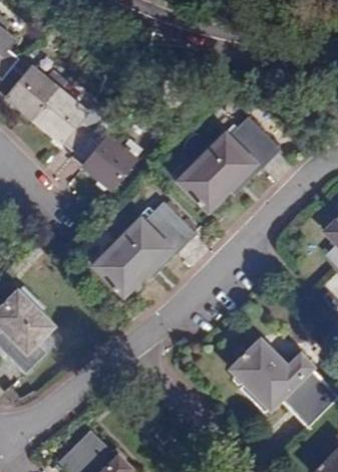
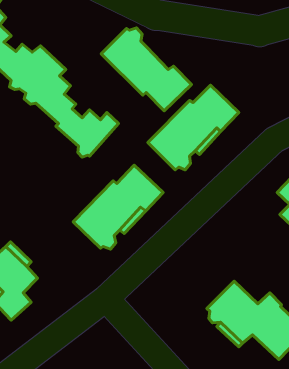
building: none -> [101,28,191,111]

